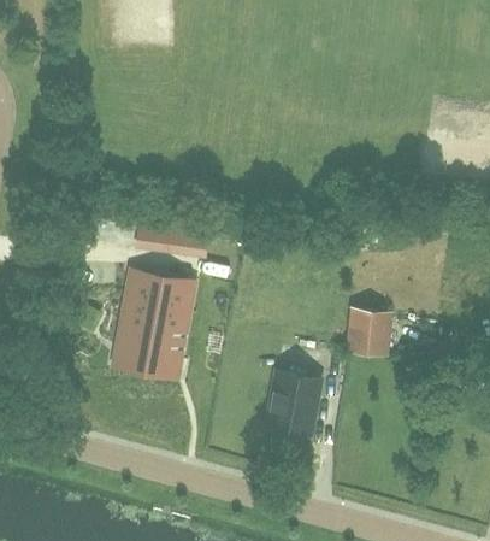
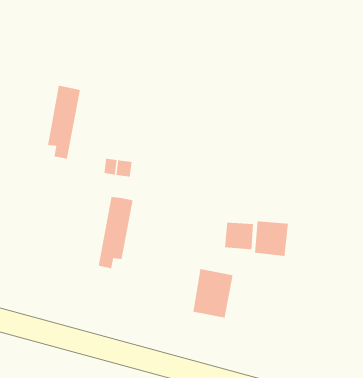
building: [119,271,163,367] -> [47,85,81,160]
building: none -> [224,222,254,250]

